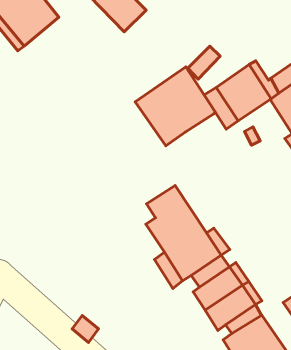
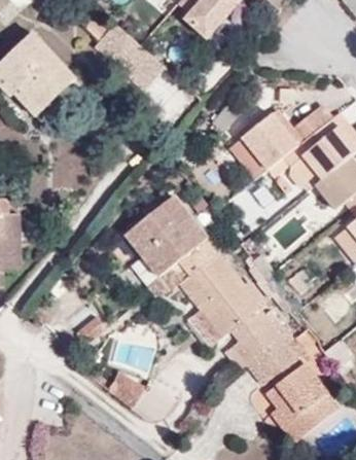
building: [135,67,215,146] -> [126,196,207,277]

